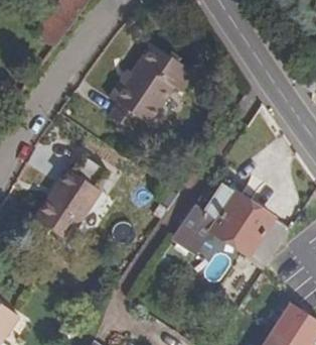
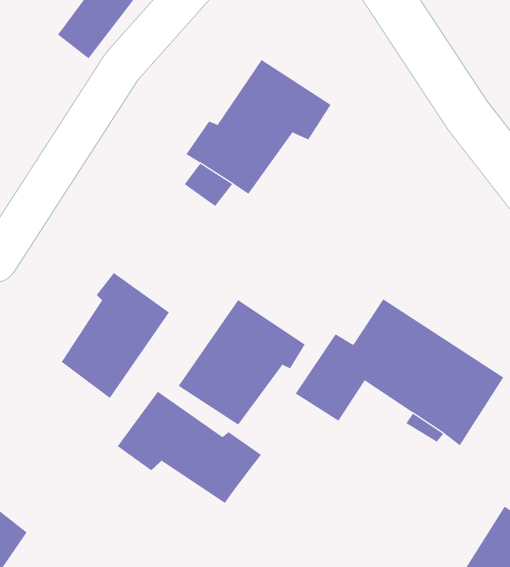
building: none -> [178,299,306,425]
building: none -> [117,391,262,504]

